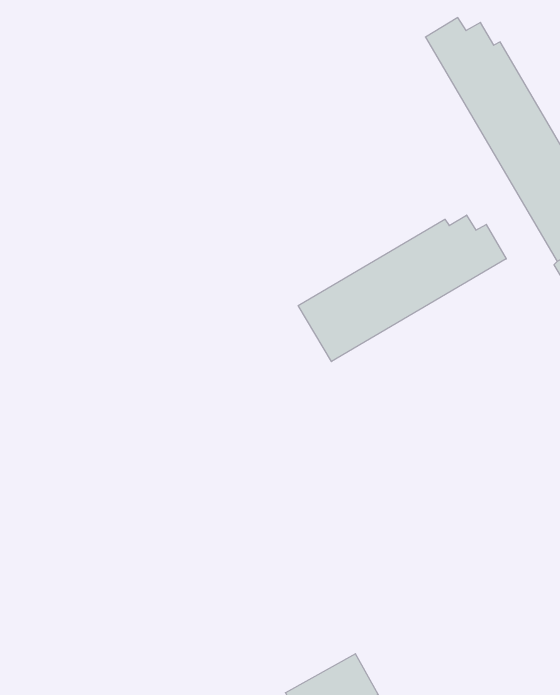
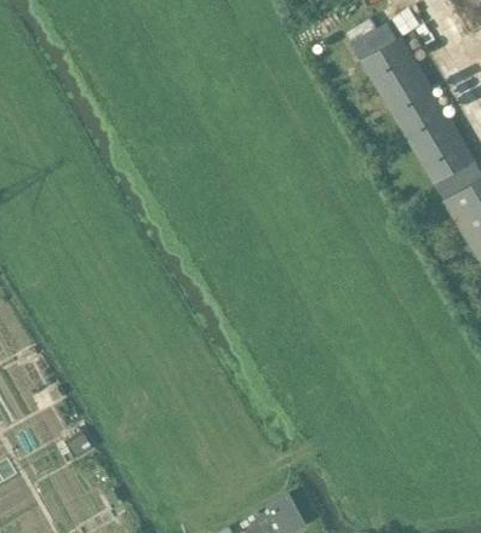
building: [298,215,506,362] -> none

